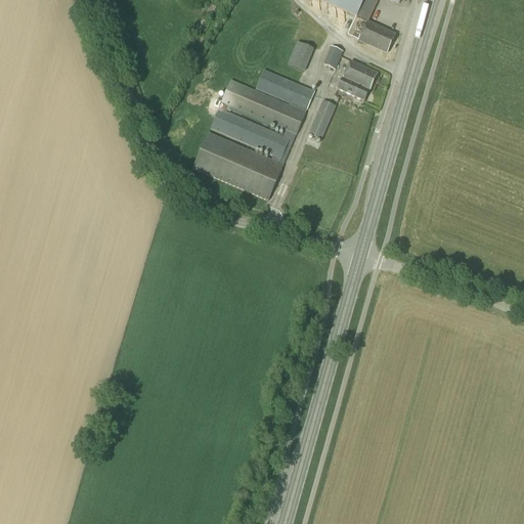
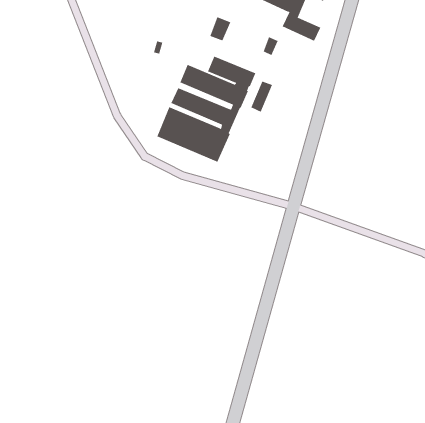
building: [287,40,313,71] -> [209,16,231,41]
building: [338,60,377,99] -> none

